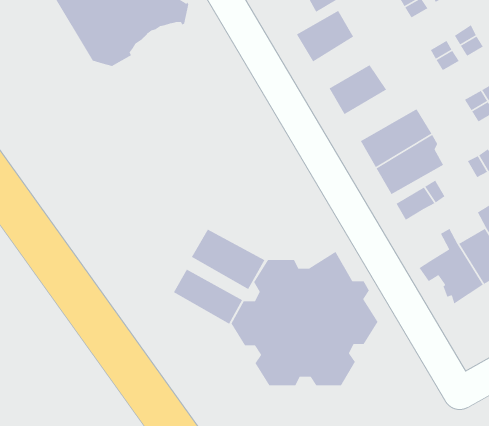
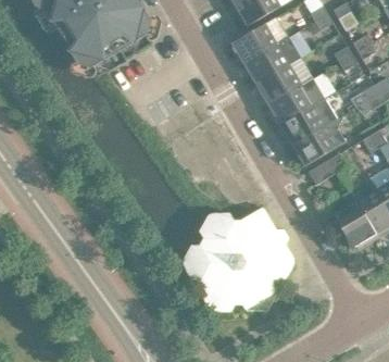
building: none -> [244,37,300,83]
building: none -> [268,77,324,123]
building: [191,228,265,290] -> none
building: [173,269,243,325] -> none

